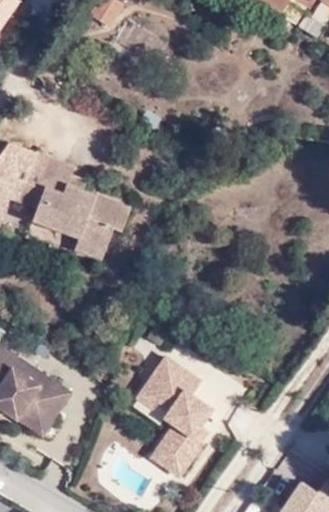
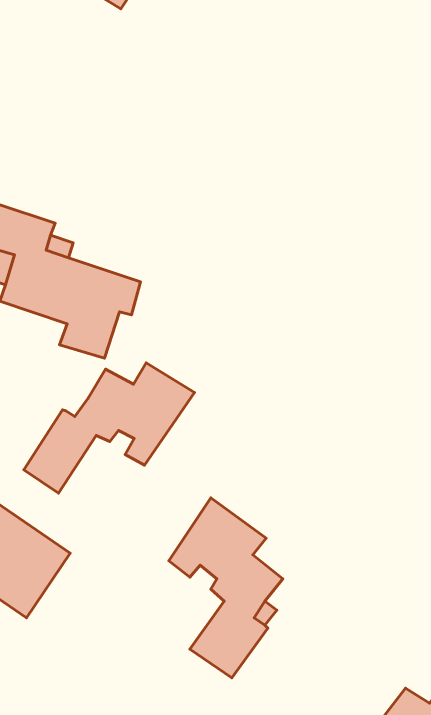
building: none -> [24,363,194,493]

